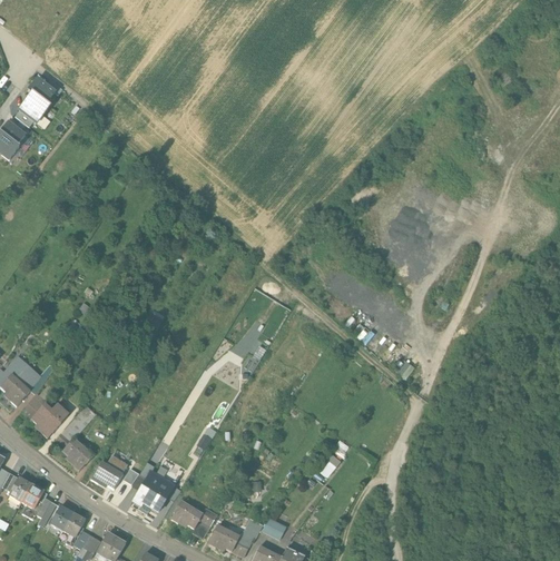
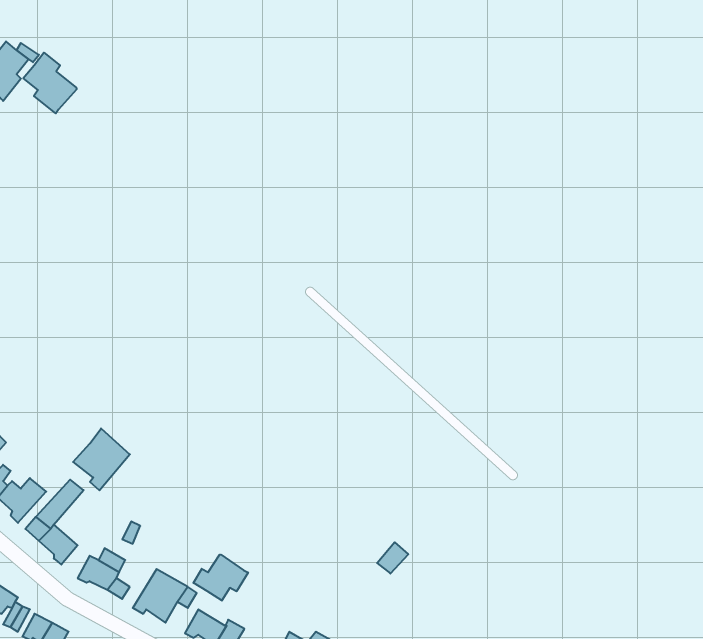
building: none -> [23,53,77,113]
building: none -> [73,428,130,490]
building: none -> [193,555,248,601]

